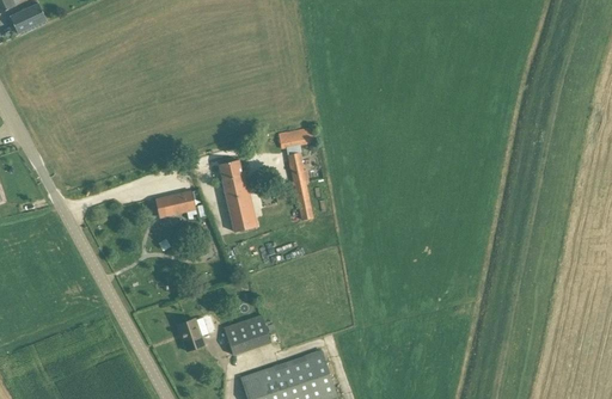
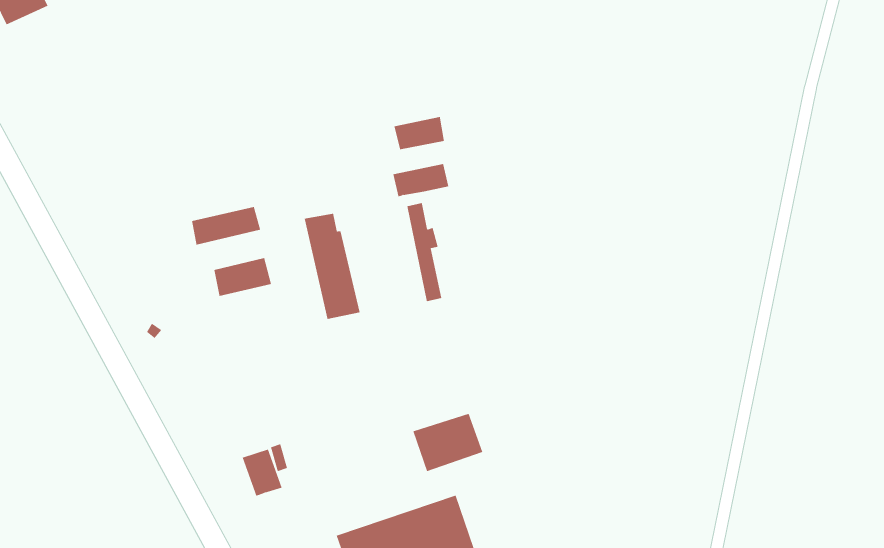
building: none -> [394,116,445,150]
building: none -> [191,206,261,245]
building: [224,315,271,355] -> [412,413,483,472]

